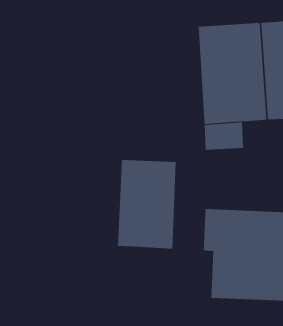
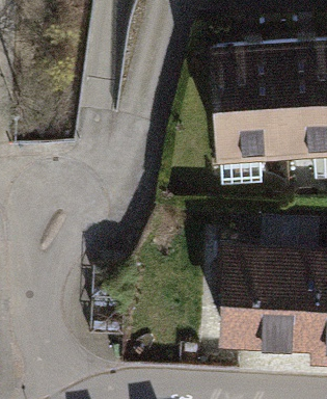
building: [117,159,176,249] -> none

